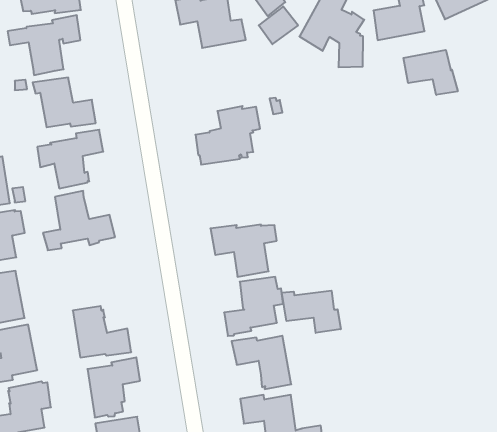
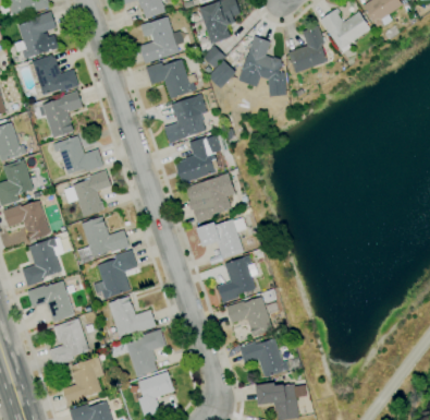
building: none -> [163,95,206,143]
building: [403,50,458,95] -> none
building: none -> [186,172,235,224]
building: none -> [94,250,137,300]
building: [282,291,341,333] -> none

